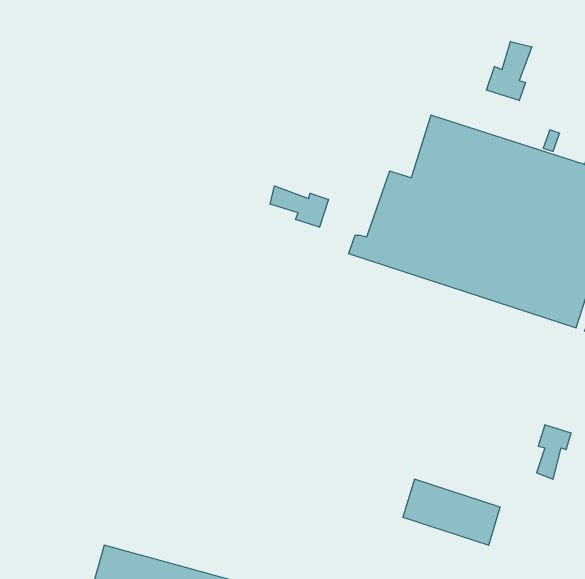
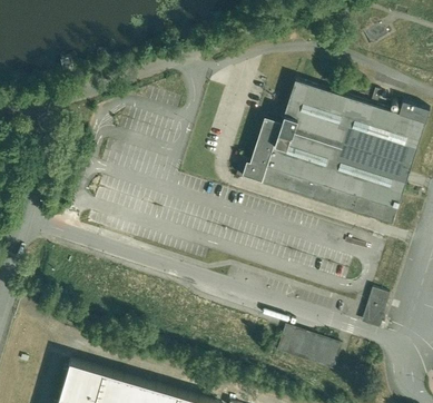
building: [487,41,532,101] -> none
building: [270,186,328,227] -> none

